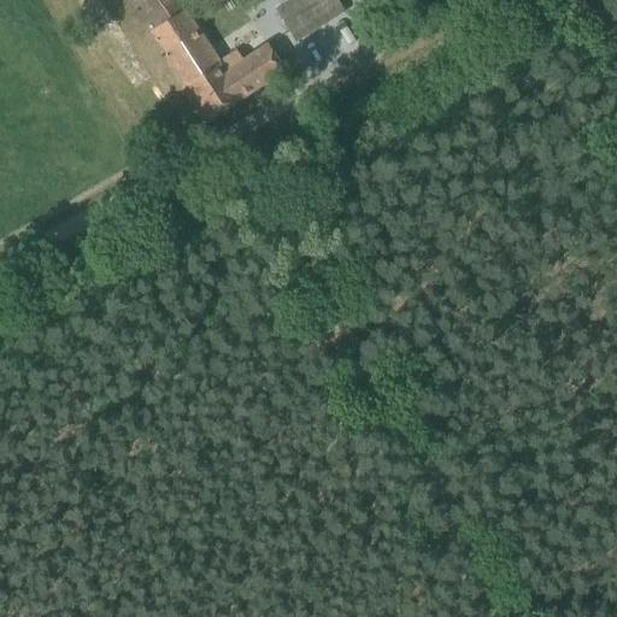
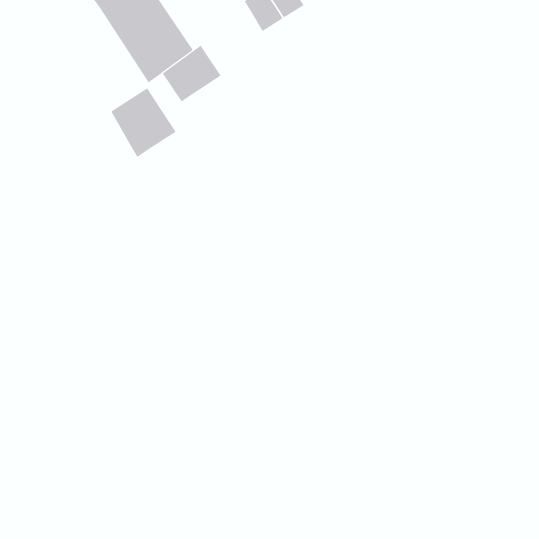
building: [240,39,289,86] -> none
building: none -> [110,87,176,158]

